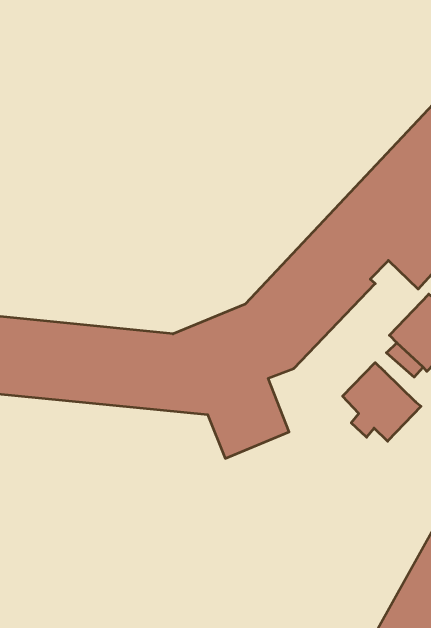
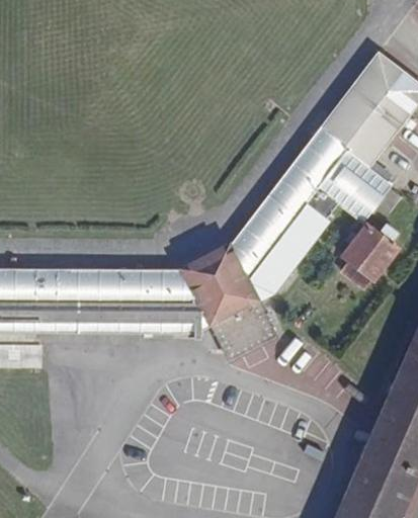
building: [343,363,421,441] -> none

